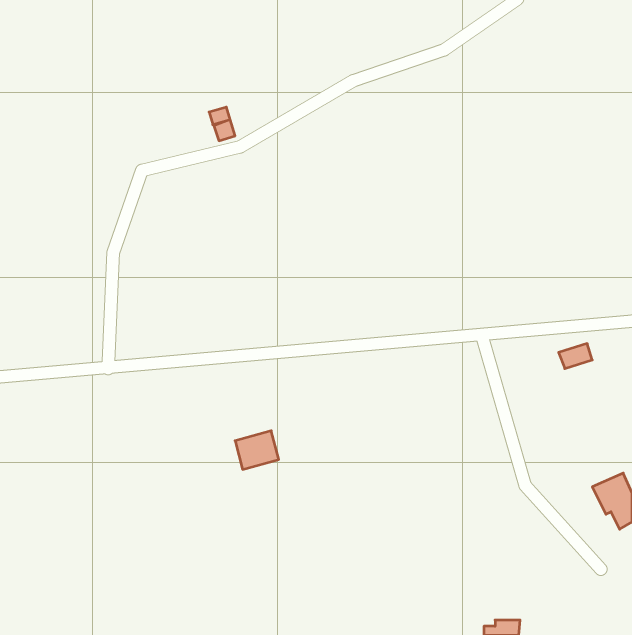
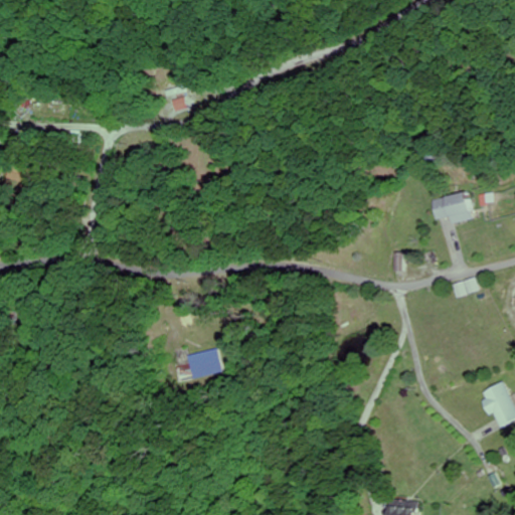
building: none -> [432,194,471,222]

